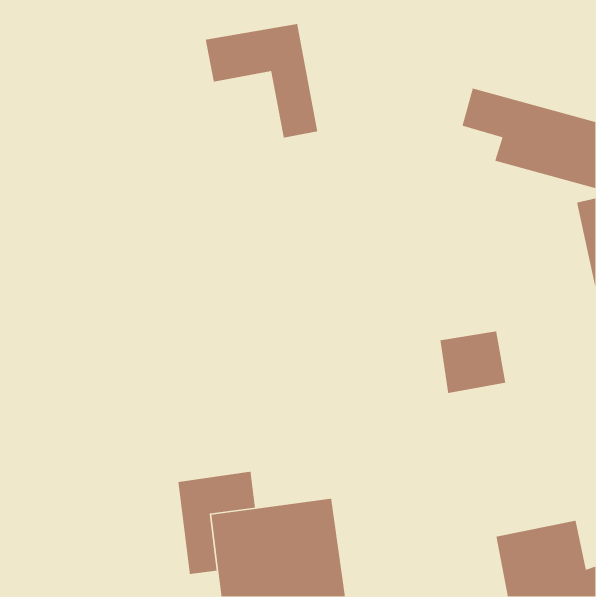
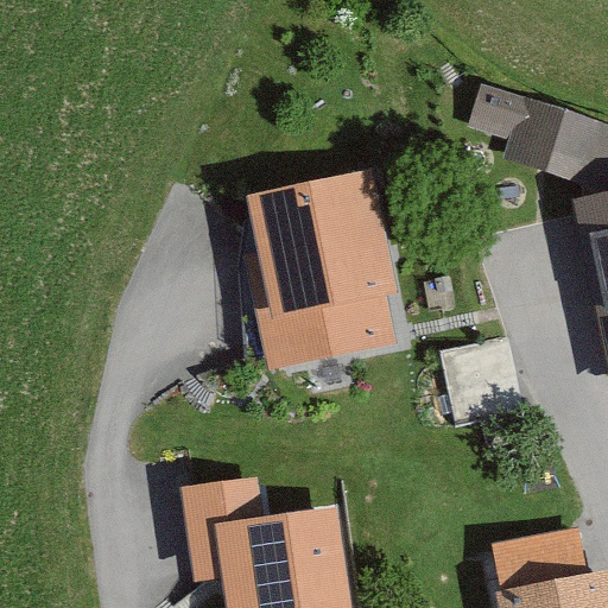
building: [205,23,318,139] -> none
building: none -> [249,169,393,368]

